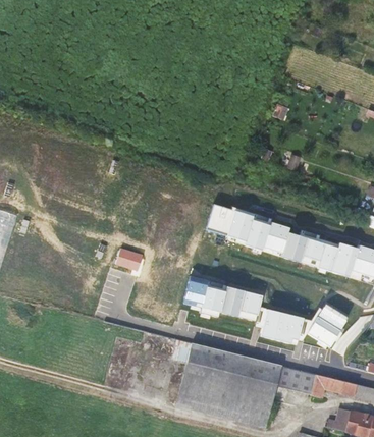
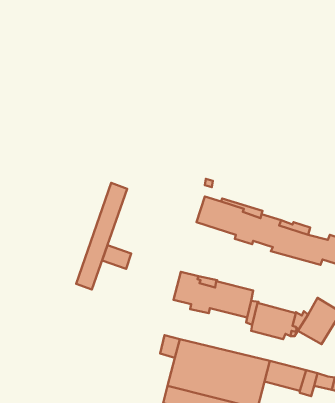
building: none -> [76,183,127,290]

